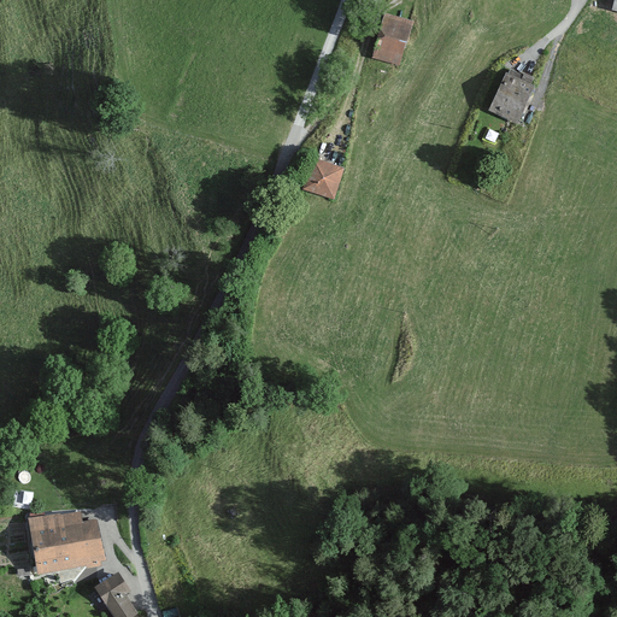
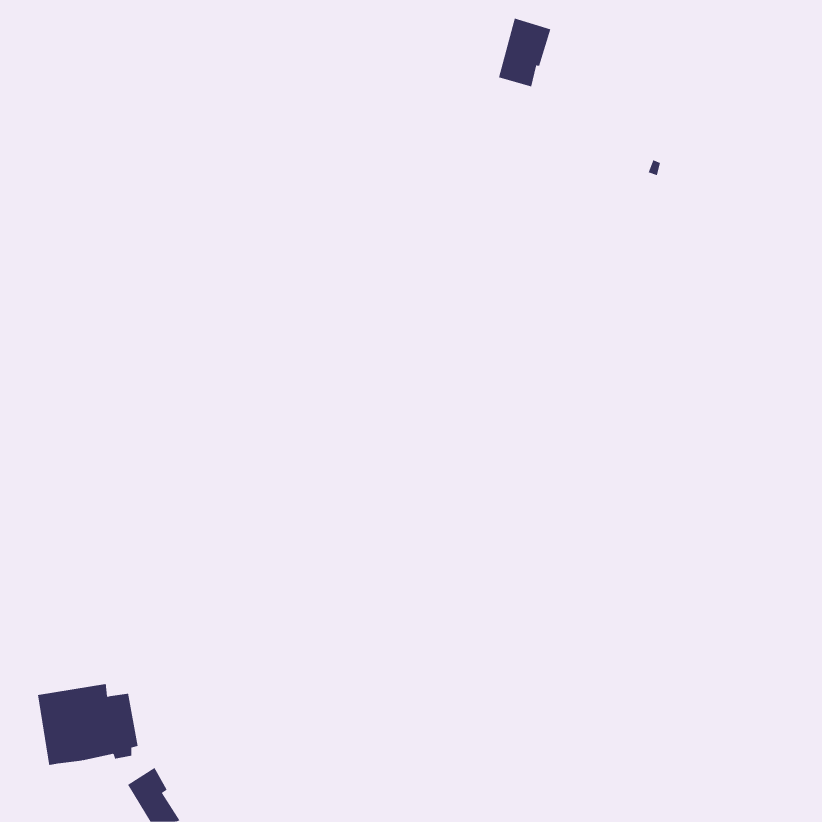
building: [487,72,536,123] -> none
building: [304,157,343,198] -> none

